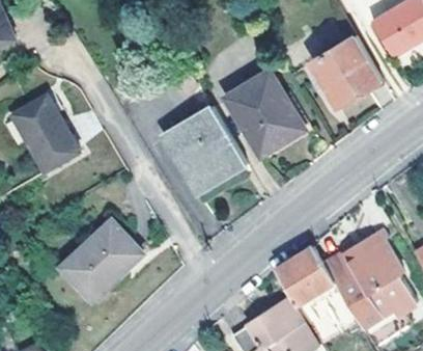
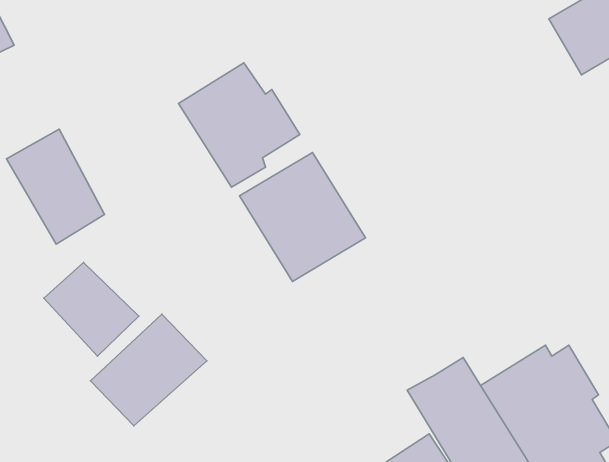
building: [311,34,380,105] -> none
building: [225,73,306,156] -> [179,63,300,187]
building: none -> [44,263,139,356]

